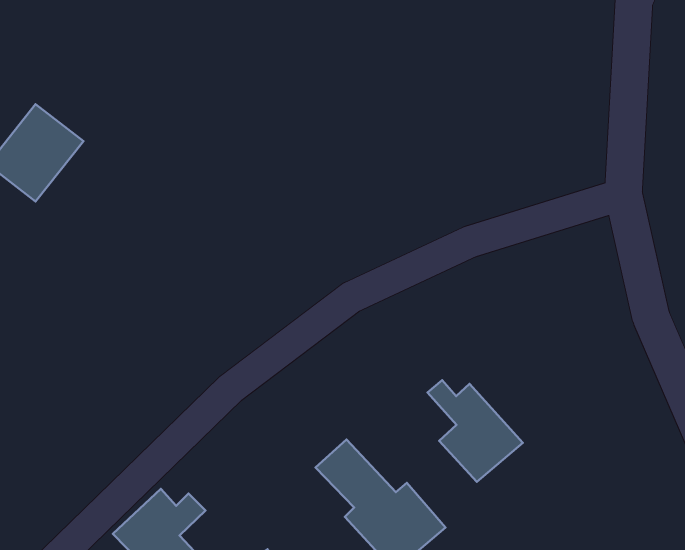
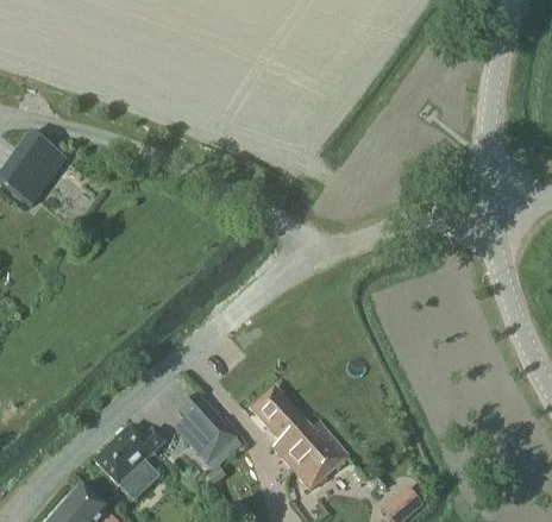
building: [427,380,523,482] -> none
building: none -> [178,395,234,453]

